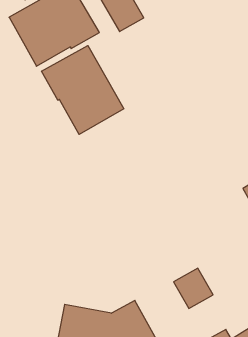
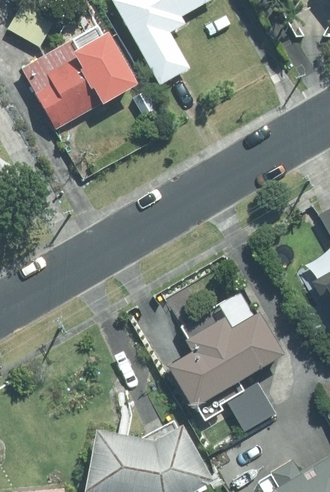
building: [42,46,124,134] -> none
building: none -> [165,307,280,404]

